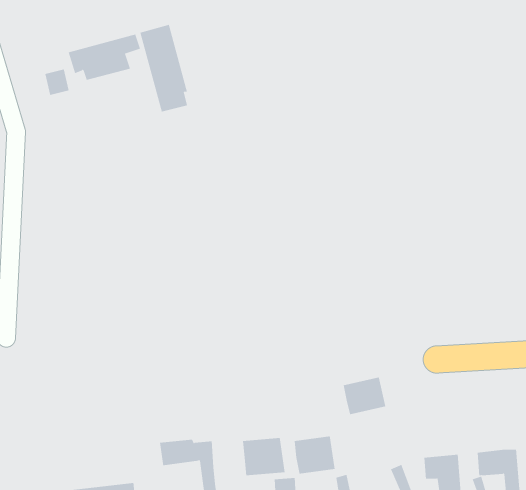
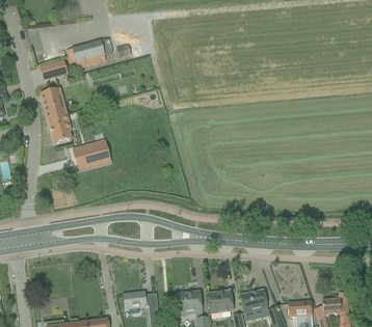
building: [140,24,188,112] -> [42,86,72,141]
building: none -> [74,138,111,168]
building: [343,377,386,415] -> [240,288,267,311]

